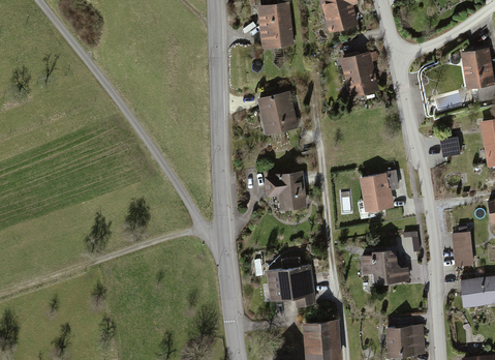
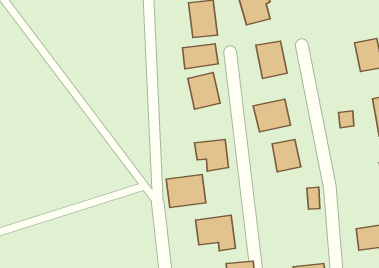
building: none -> [182,44,218,69]
building: none -> [253,99,291,132]
building: none -> [166,174,206,208]
building: [450,232,473,268] -> none
building: [360,248,404,286] -> none

